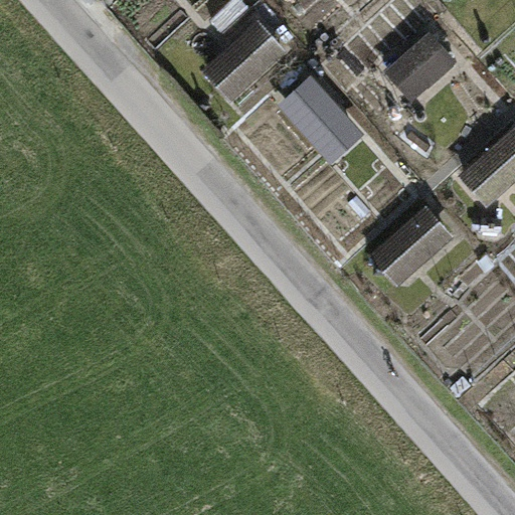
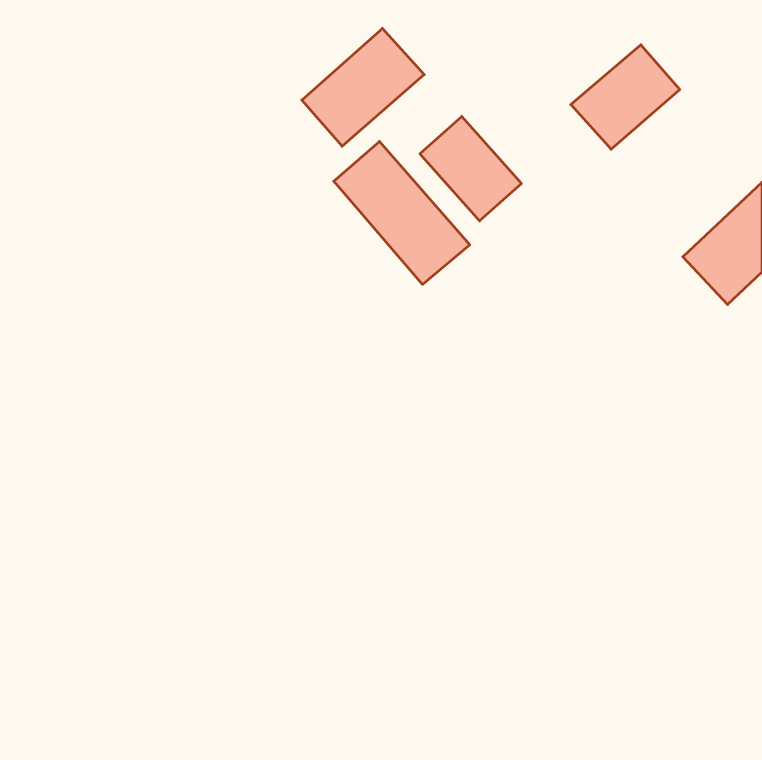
building: none -> [334,141,470,284]
building: [367,207,453,288] -> none

